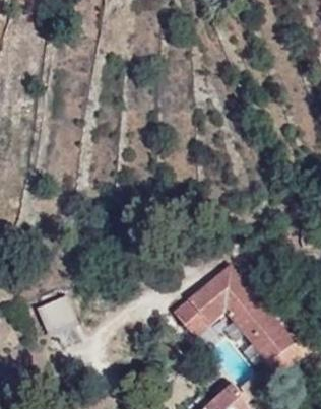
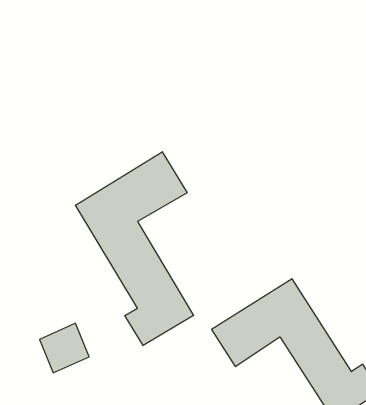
building: none -> [75,152,193,346]

